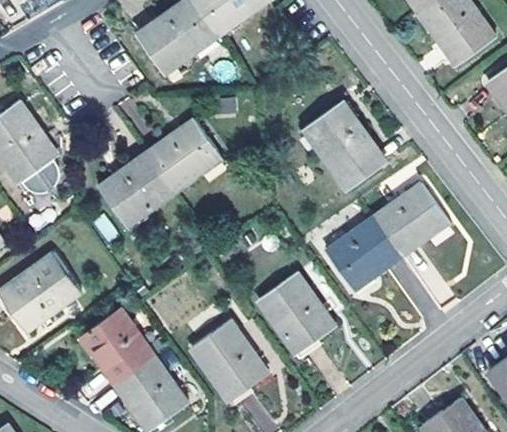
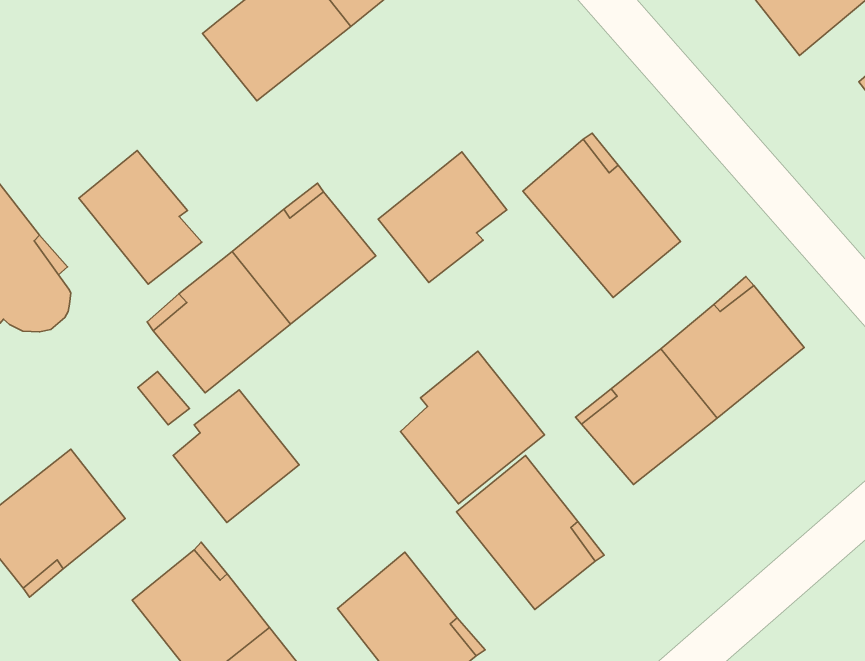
building: none -> [79,150,202,284]
building: none -> [378,152,507,282]
building: none -> [400,351,544,504]
building: none -> [173,390,299,523]

